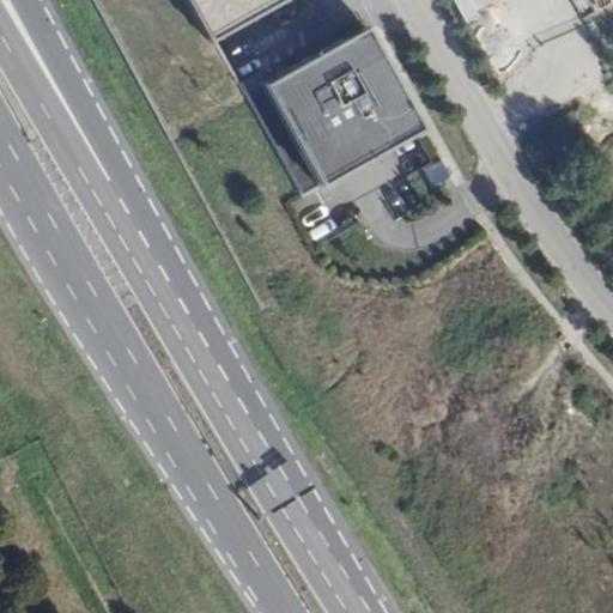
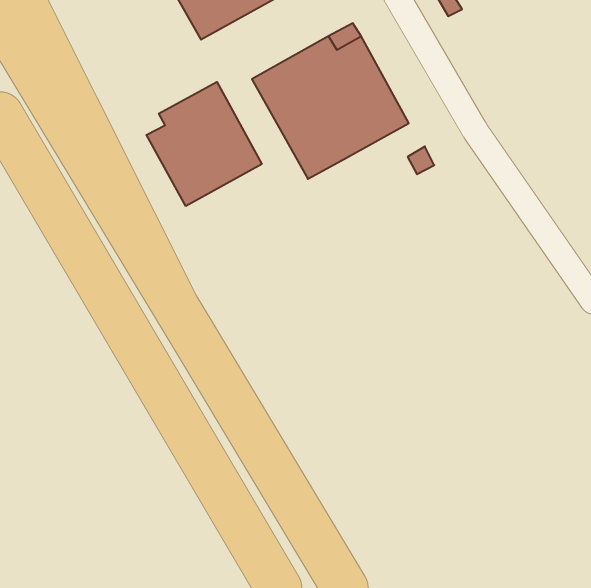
building: none -> [146,82,262,206]

